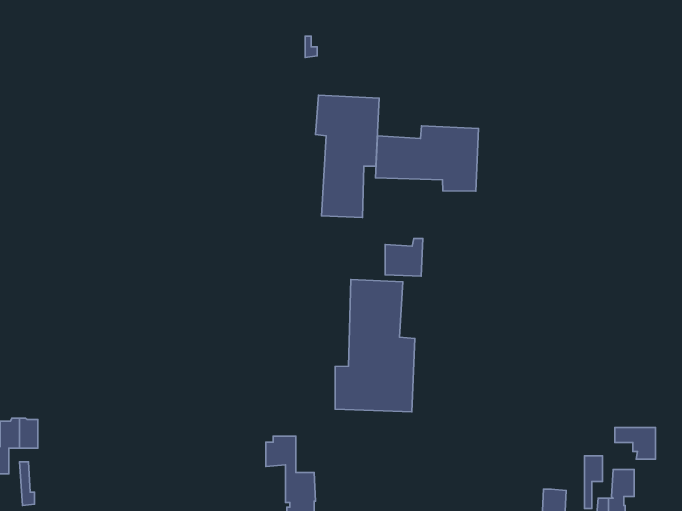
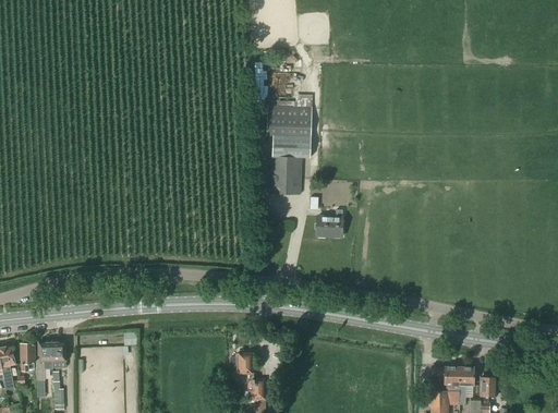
building: [375,126,478,191] -> none
building: [335,279,415,412] -> none
building: [615,427,656,459] -> [430,368,460,391]

